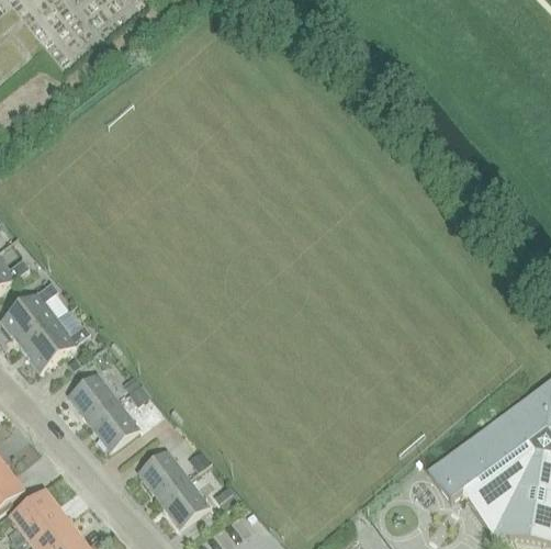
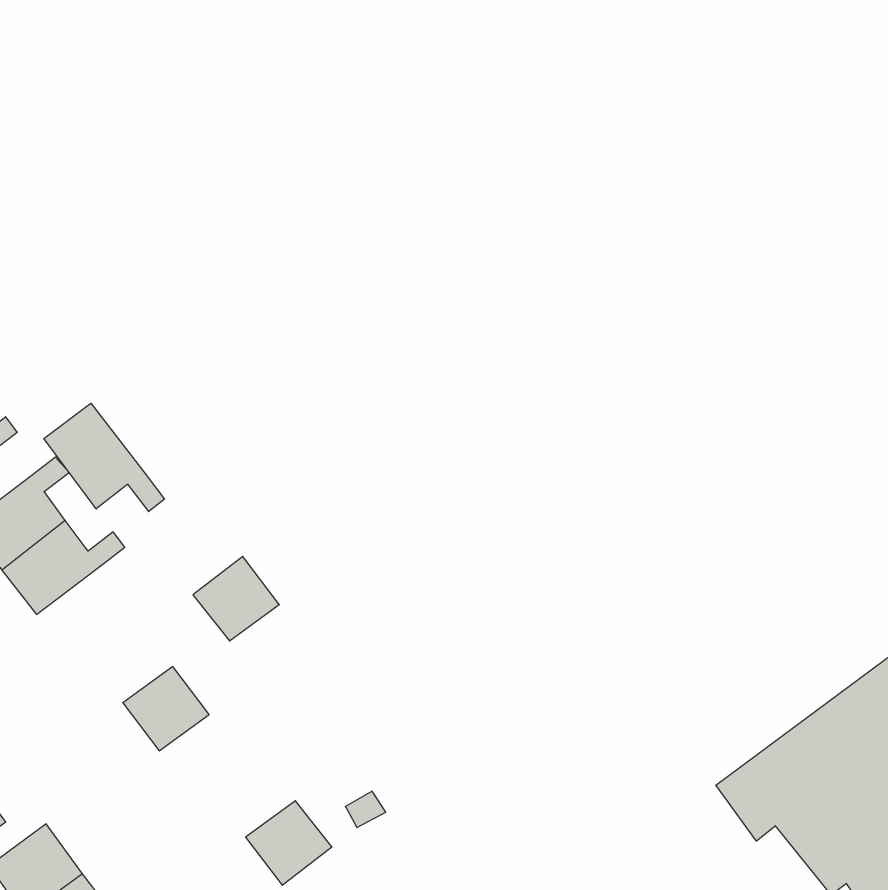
building: none -> [44,403,165,512]
building: [68,373,117,422] -> [193,556,279,641]
building: [138,450,188,498] -> none

